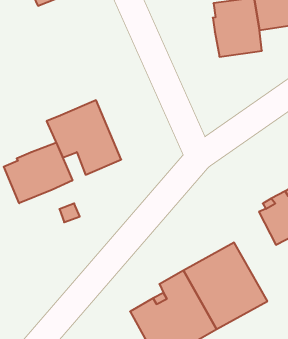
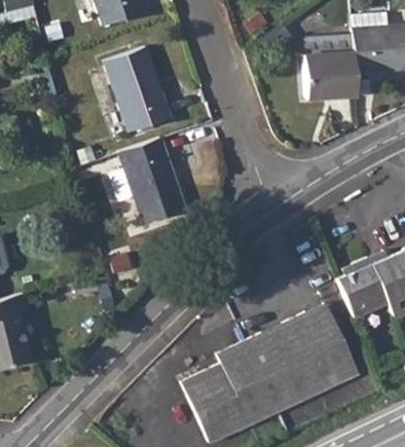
building: none -> [106,47,171,131]
building: [4,143,72,203] -> none
building: none -> [308,303,361,382]

